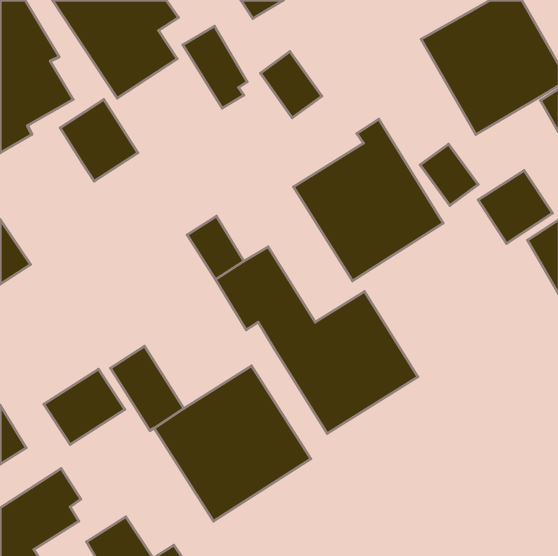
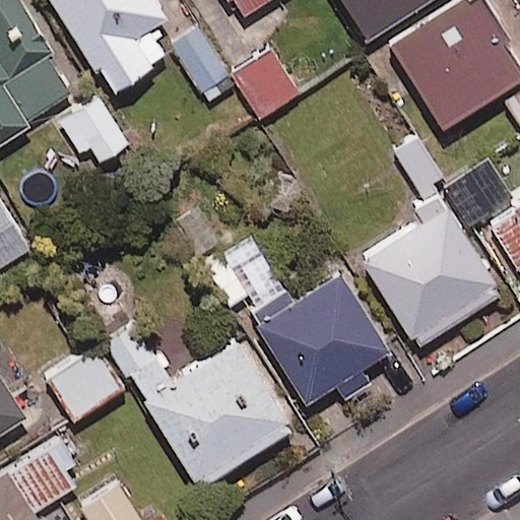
building: [293,119,443,281] -> [361,197,500,347]

